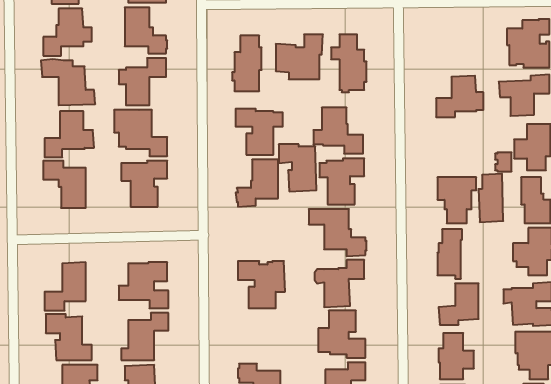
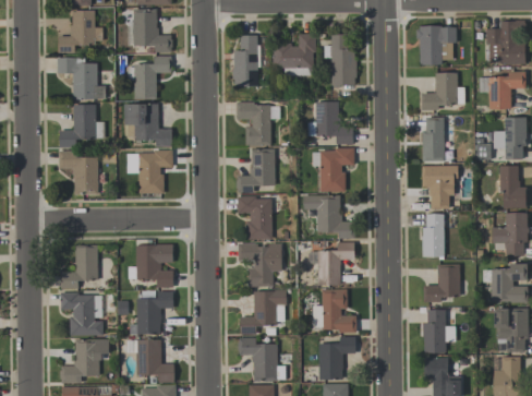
building: none -> [416,25,456,64]
building: [279,144,316,191] -> [238,196,273,240]
building: [478,174,503,222] -> [422,117,445,161]
building: none -> [239,290,286,334]

